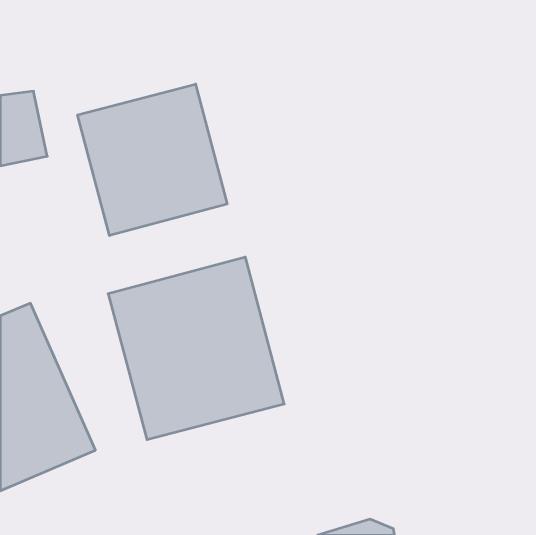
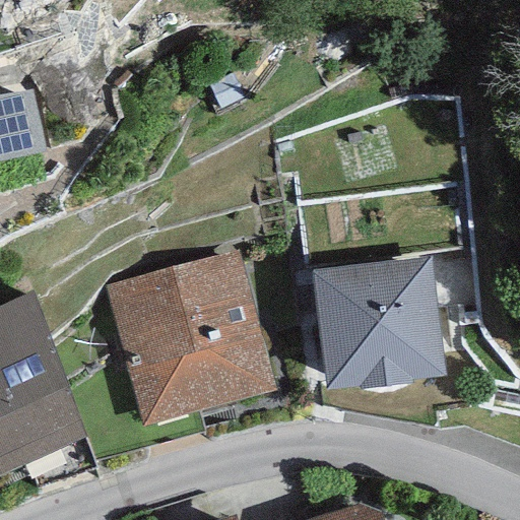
building: [78,84,227,236] -> none
building: none -> [311,257,444,390]

